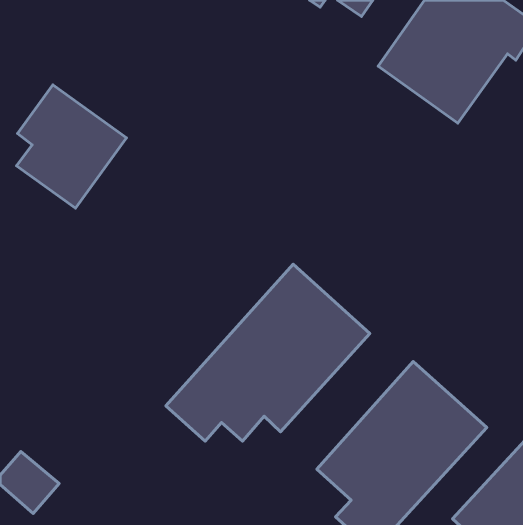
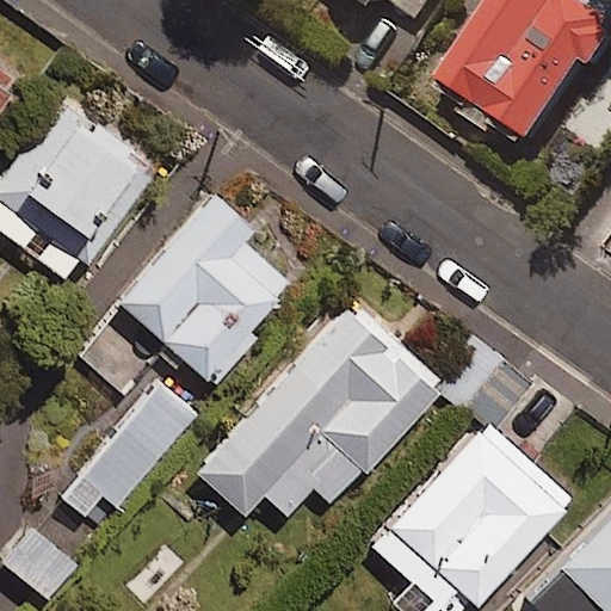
building: none -> [78,193,289,395]
building: none -> [63,382,199,530]

